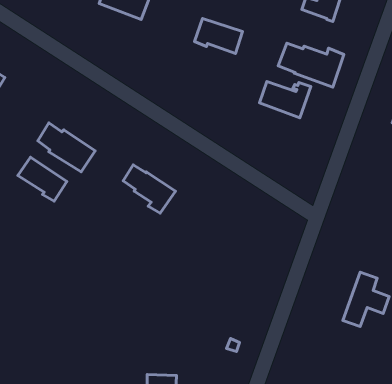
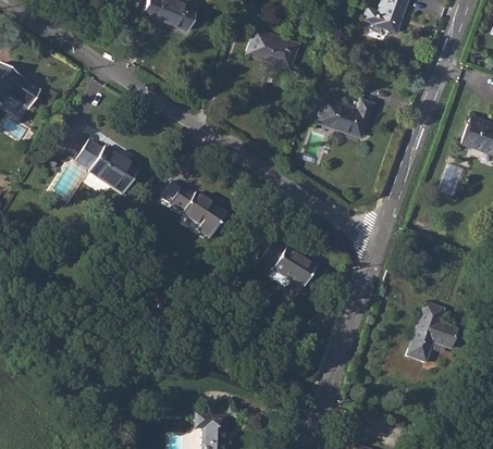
building: [278,43,344,87] -> none
building: [18,157,67,201] -> none
building: none -> [261,244,316,290]

